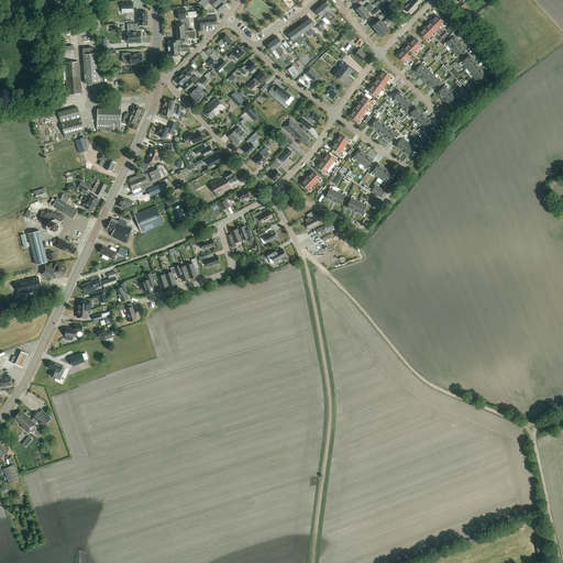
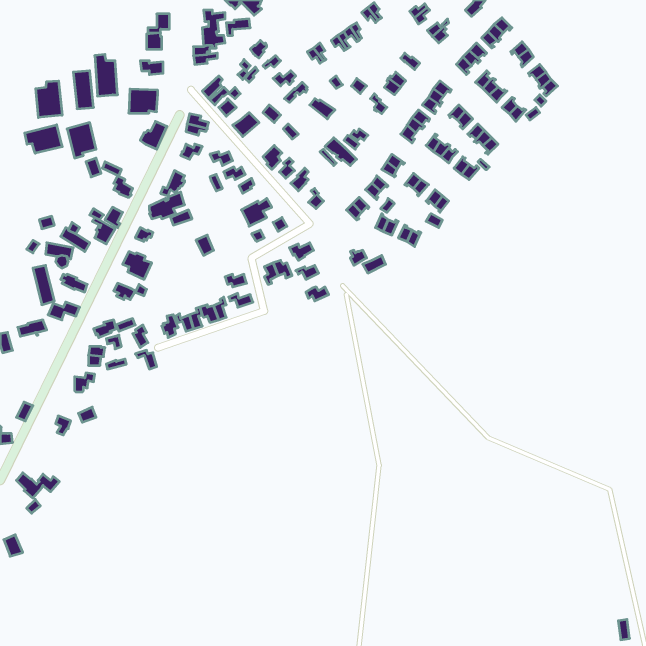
building: none -> [36,81,62,118]
building: none -> [25,125,62,153]
building: [96,109,121,130] -> [129,89,158,113]
building: [134,206,163,233] -> none

